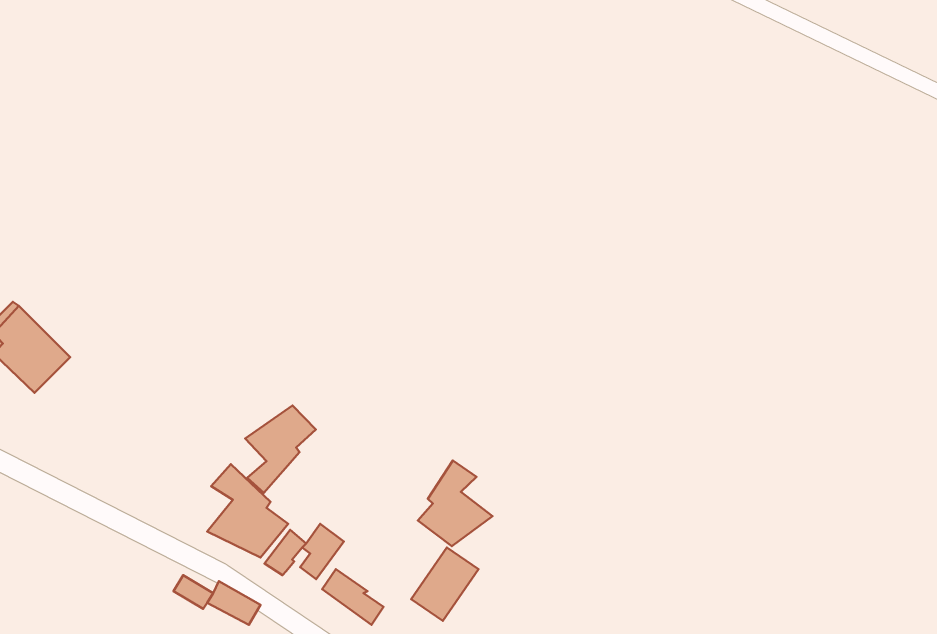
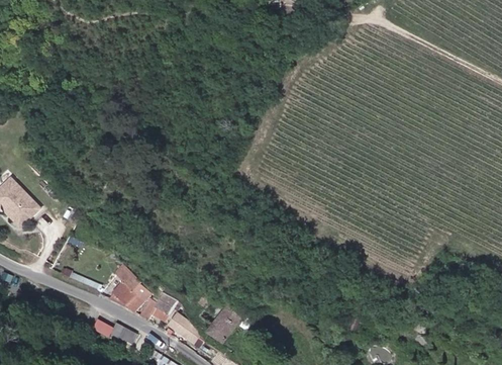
building: [245,406,316,493] -> none
building: [418,460,493,546] -> none

